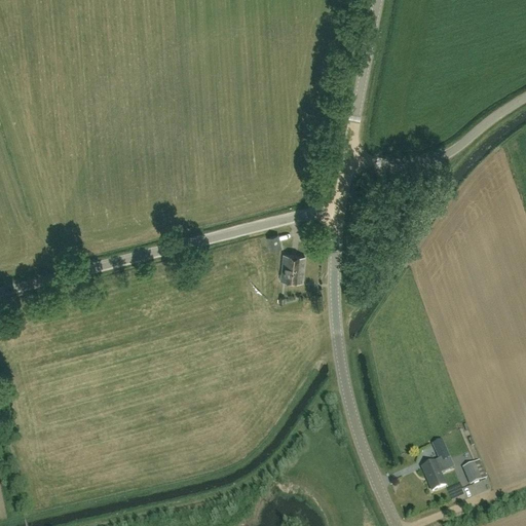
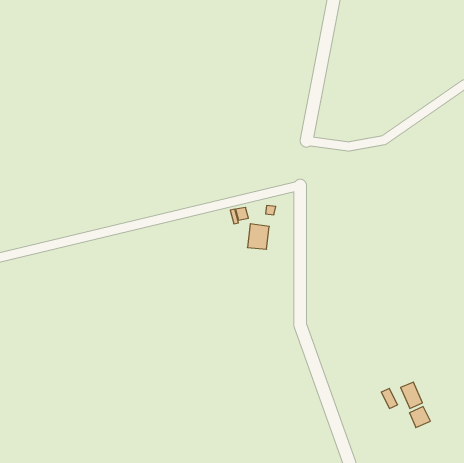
building: [420,460,445,490] -> [401,382,422,408]

